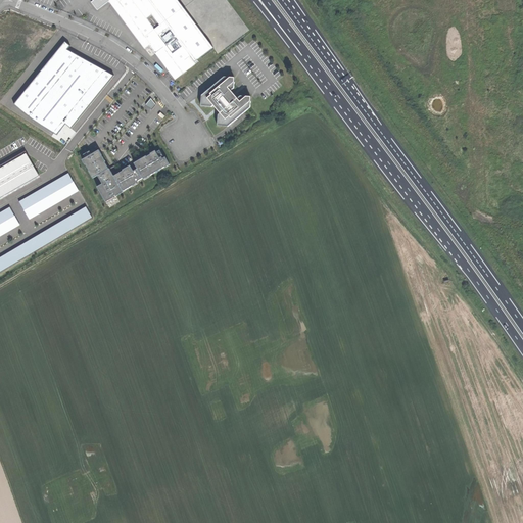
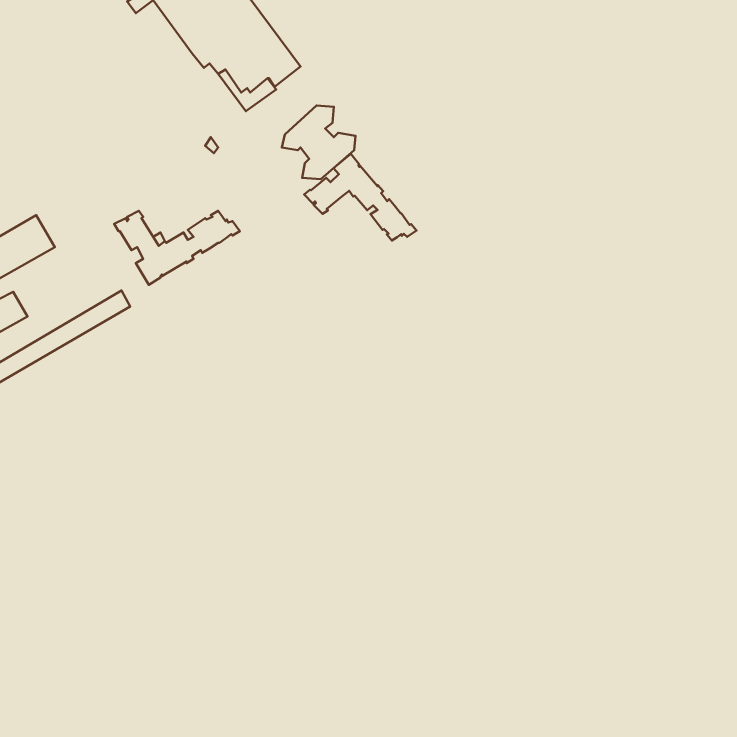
building: [11,41,113,134] -> none
building: none -> [304,154,416,241]
building: [18,173,78,219] -> none

